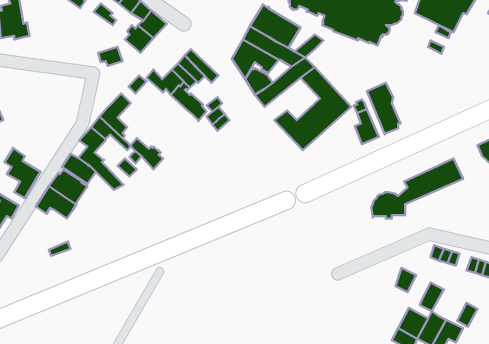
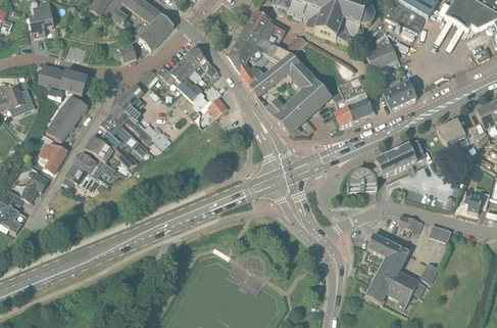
building: none -> [366,37,417,109]
building: none -> [38,64,89,141]
building: none -> [379,239,399,276]

